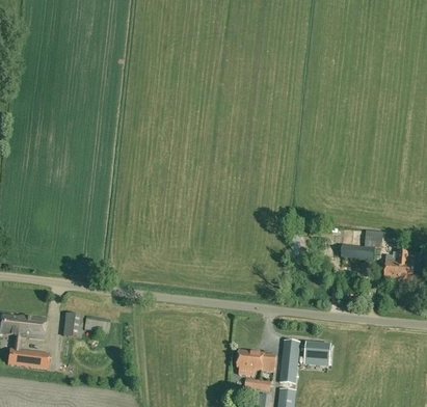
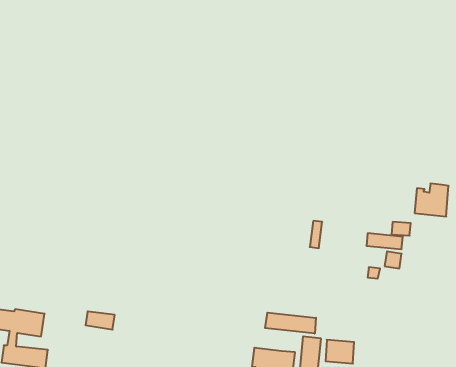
building: [384,250,416,280] -> [415,184,449,216]
building: [63,313,84,337] -> none
building: none -> [265,313,316,334]

